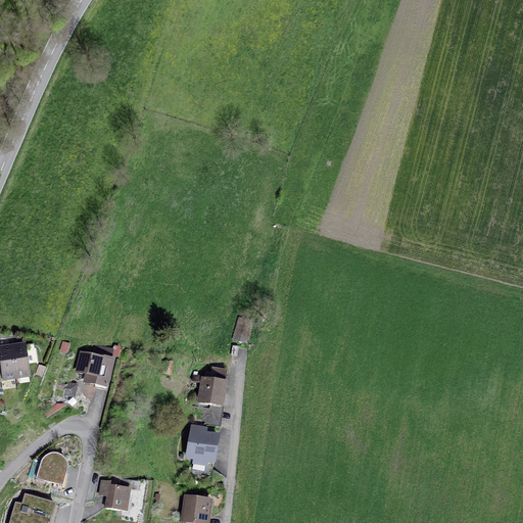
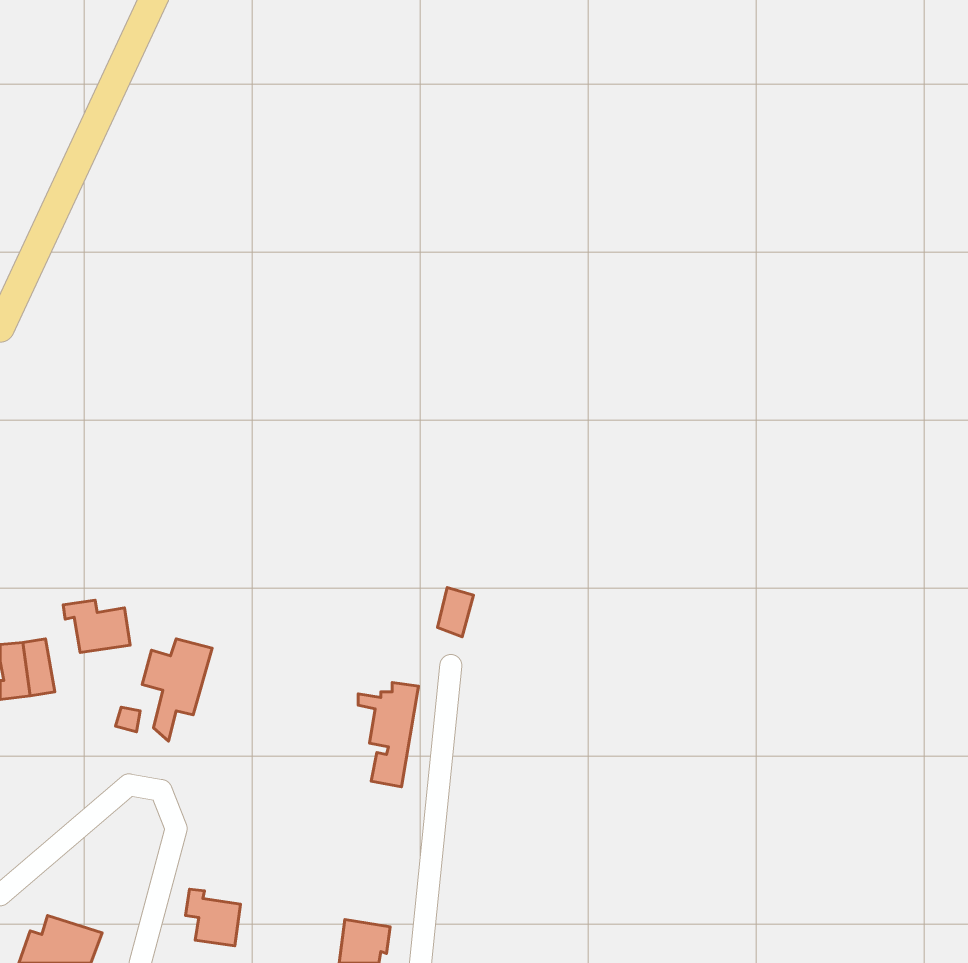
building: none -> [63,600,130,653]
building: [187,425,219,461] -> none
building: [38,453,66,483] -> none

